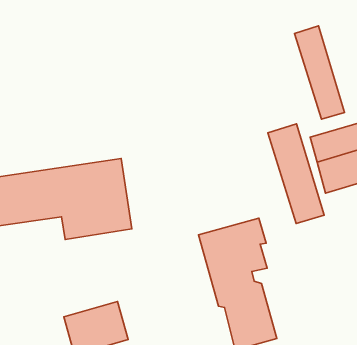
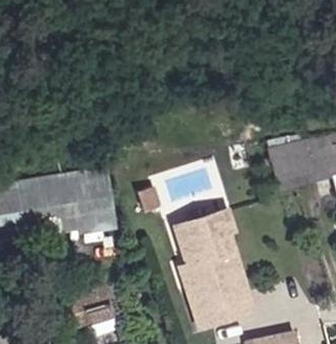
building: [295,26,344,119] -> none
building: [268,124,324,223] -> none

